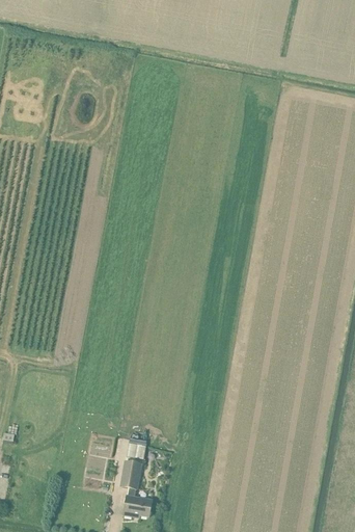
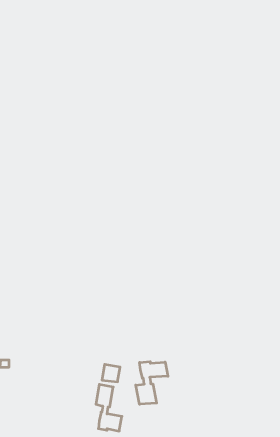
building: none -> [136,362,168,404]

